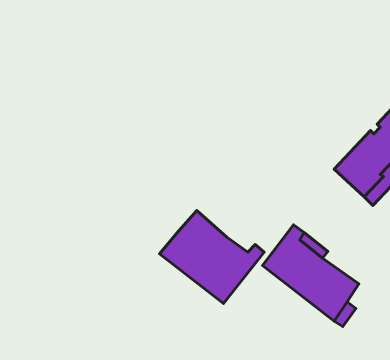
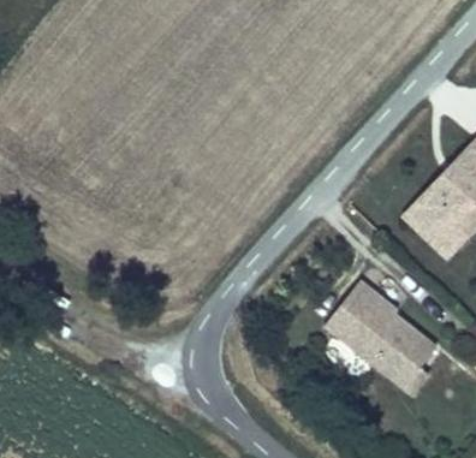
building: [159,210,264,304] -> none

